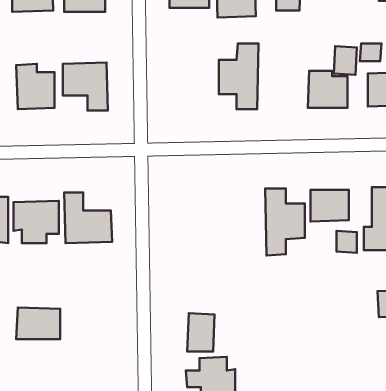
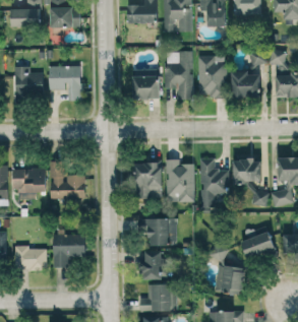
building: none -> [198,56,226,99]
building: none -> [133,76,161,100]
building: none -> [166,158,195,202]
building: none -> [137,163,162,199]
building: none -> [139,218,177,245]
building: none -> [241,232,275,259]
building: none -> [54,233,85,268]
building: none -> [211,244,244,294]

